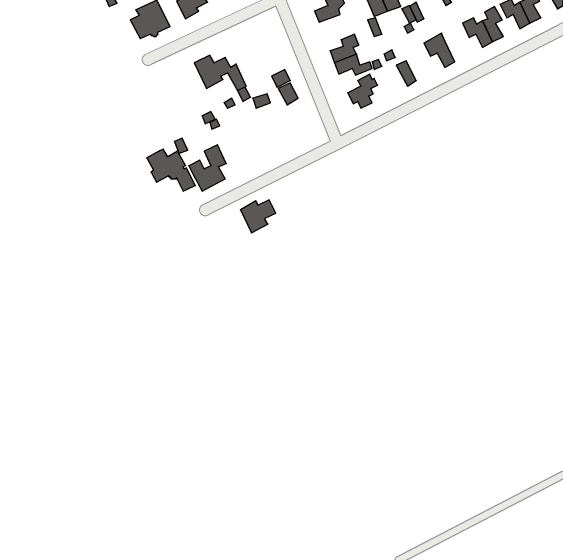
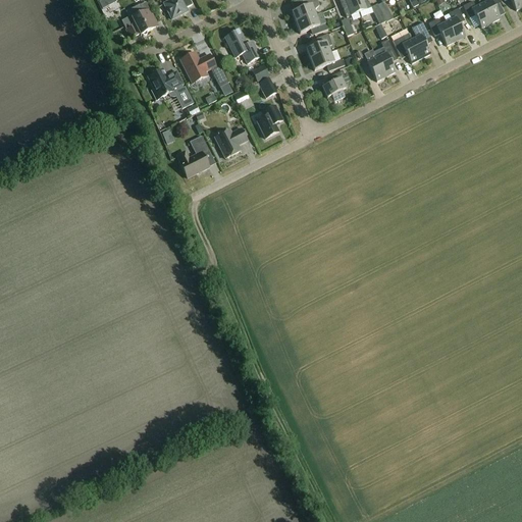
building: none -> [295,13,327,33]
building: none -> [410,20,429,57]
building: none -> [225,29,259,62]
building: none -> [372,38,395,74]
building: none -> [256,104,281,137]
building: [147,149,195,191] -> [147,67,192,106]
building: [240,200,276,233] -> [214,126,247,157]

